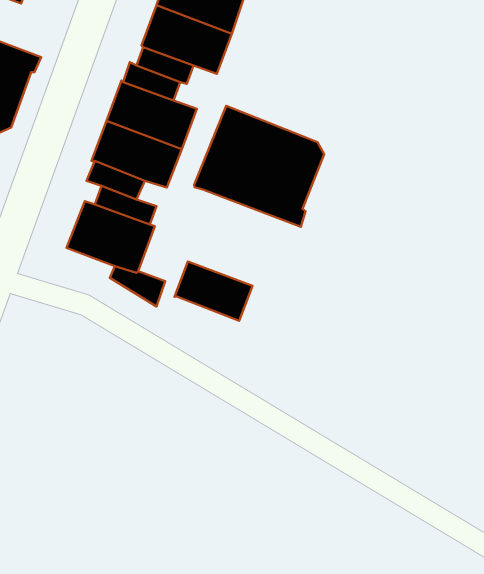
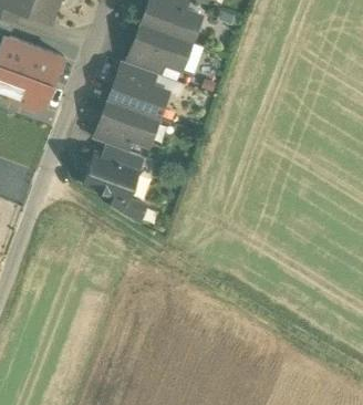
building: [194,106,324,227] -> none
building: [175,262,252,321] -> none

